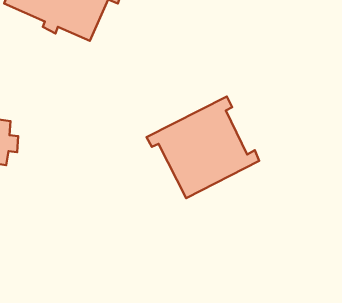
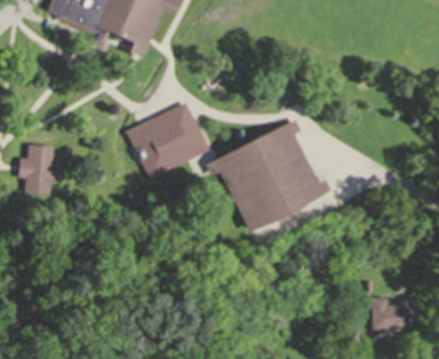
building: none -> [126,101,209,179]
building: none -> [370,293,418,332]

